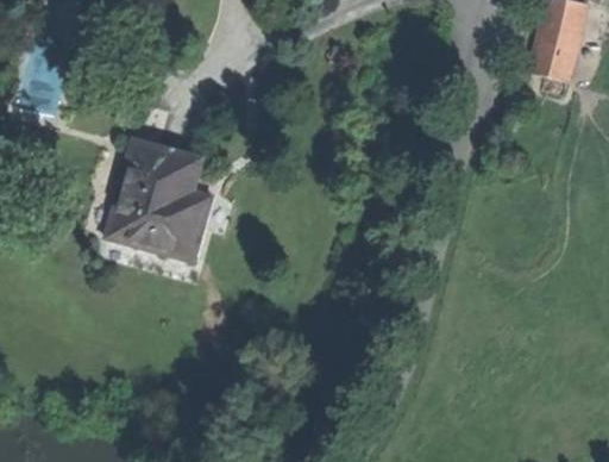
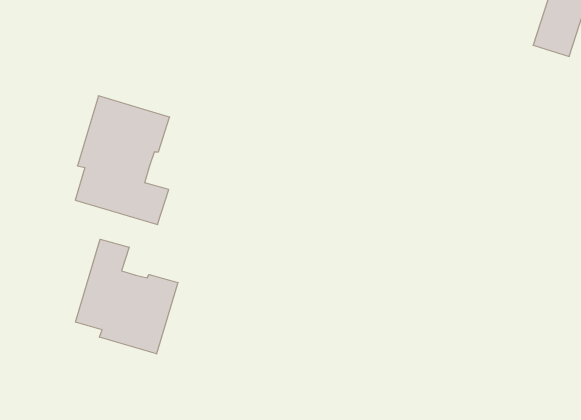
building: none -> [75,239,178,354]

